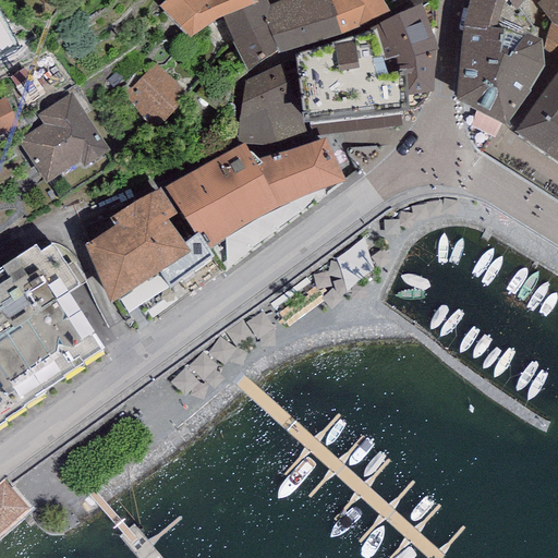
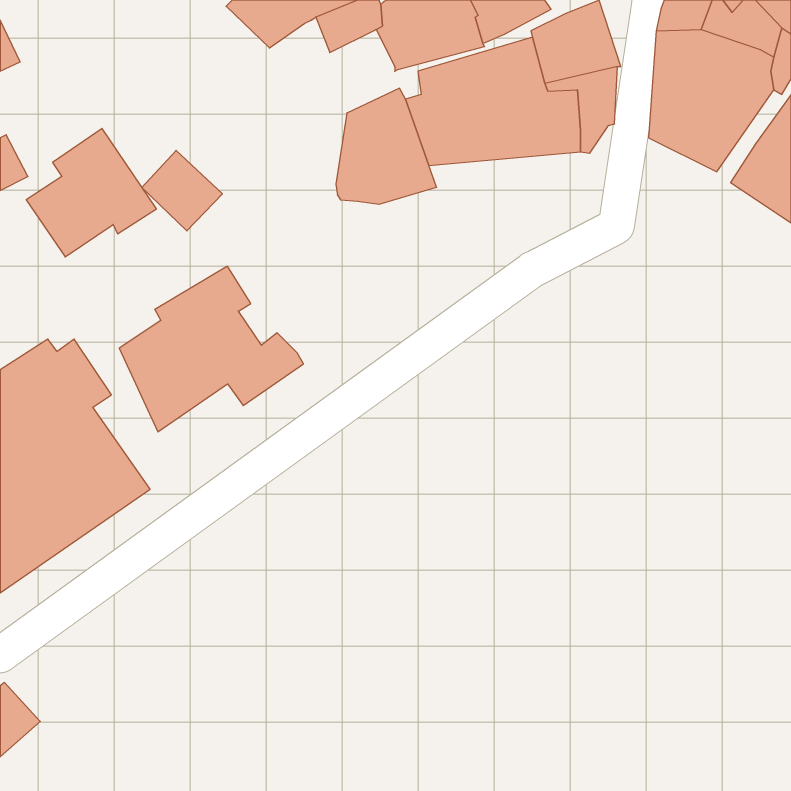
building: [232,21,278,68] -> none
building: [131,62,187,119] -> [142,150,222,231]
building: [163,138,345,248] -> none

